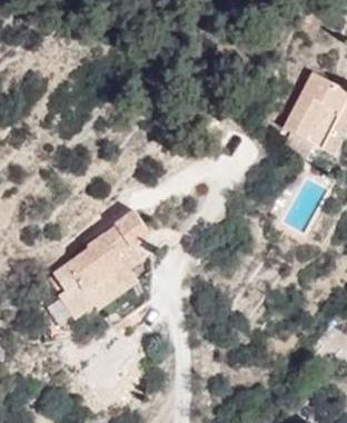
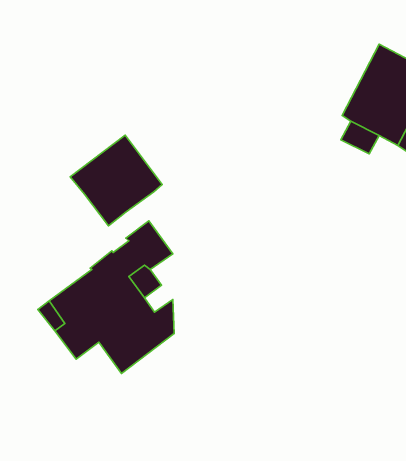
building: none -> [70,135,162,226]

